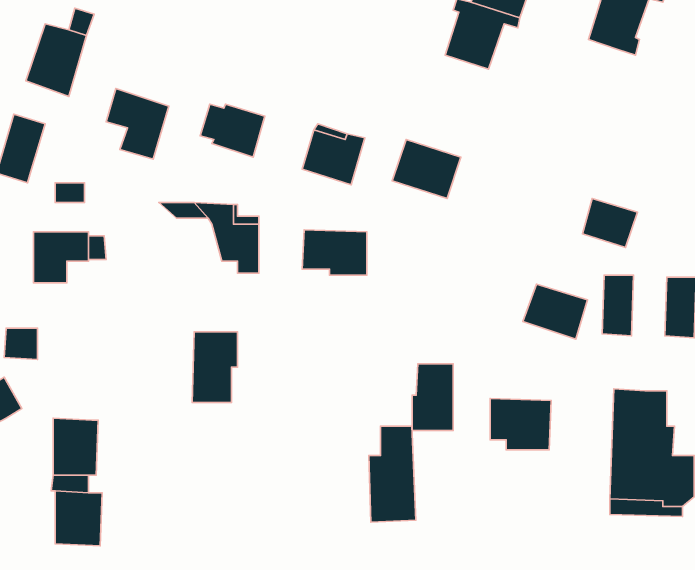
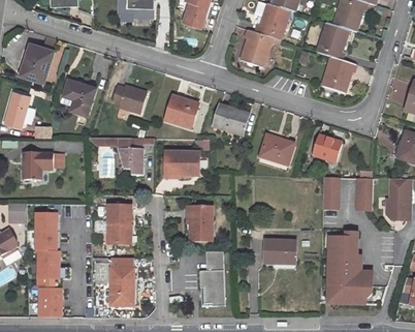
building: none -> [321,57,355,93]
building: [523,284,588,339] -> [260,135,294,164]
building: none -> [31,214,56,252]
building: [412,364,453,430] -> [190,206,212,241]
building: none -> [110,269,134,306]

